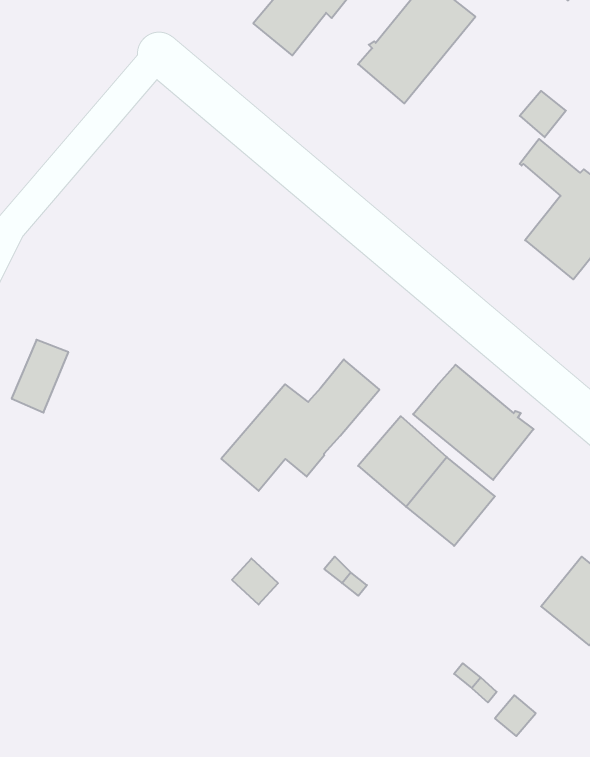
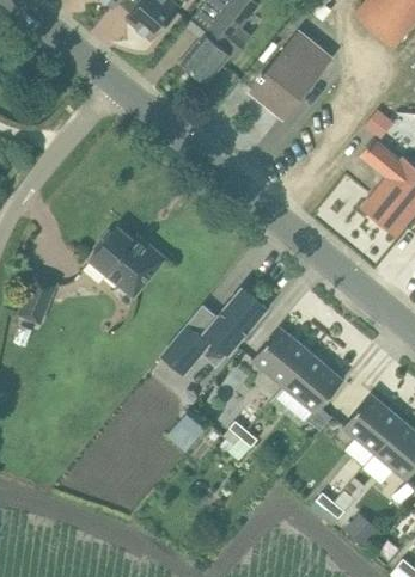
building: none -> [91,227,164,297]
building: [413,365,534,480] -> none
building: none -> [341,393,401,454]

